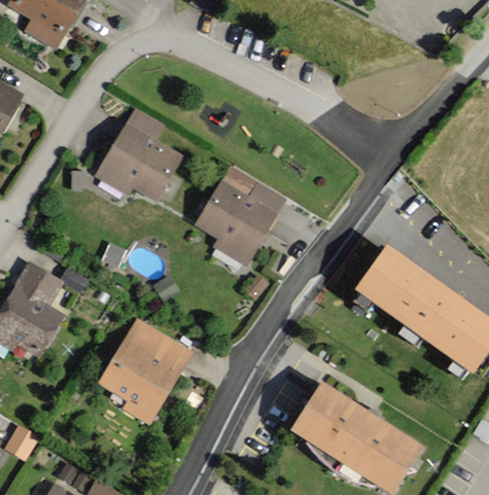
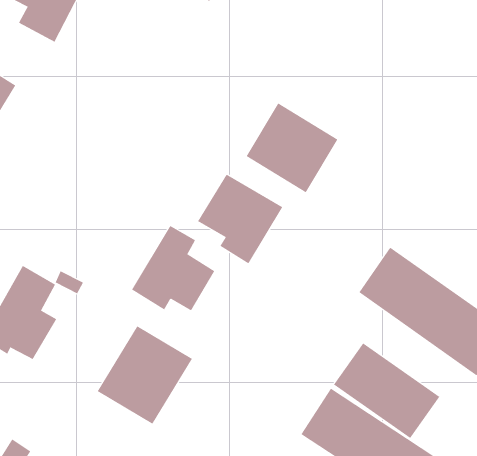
building: none -> [246,103,338,193]
building: [97,113,177,196] -> [131,225,215,311]
building: none -> [333,342,440,439]

